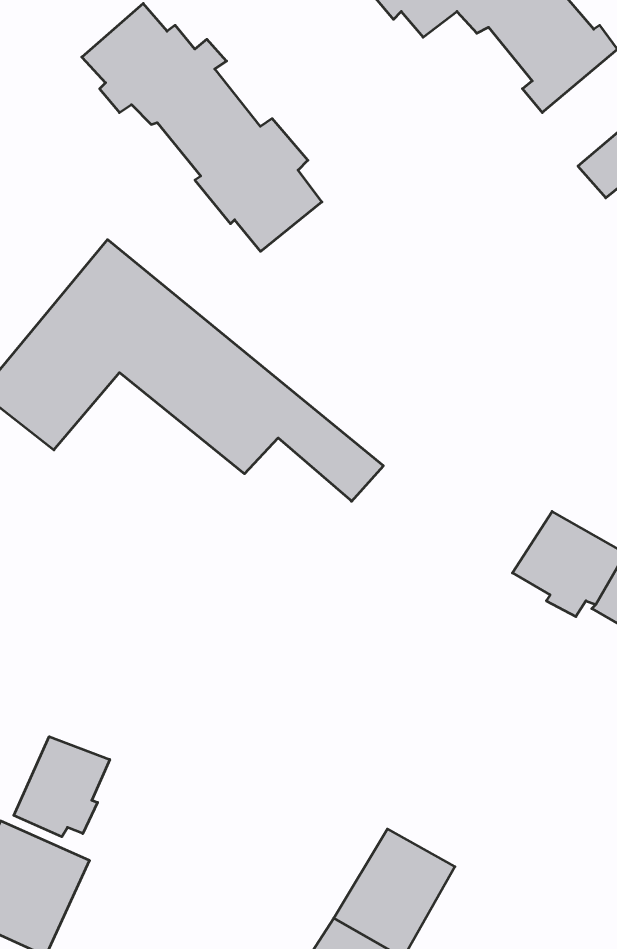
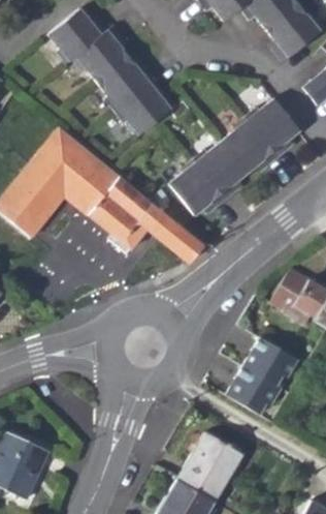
building: none -> [175,100,305,218]
building: none -> [225,337,297,415]
building: [14,737,110,837] -> none

